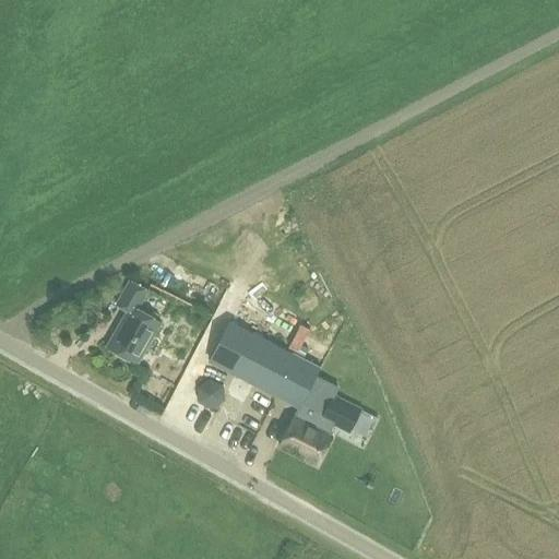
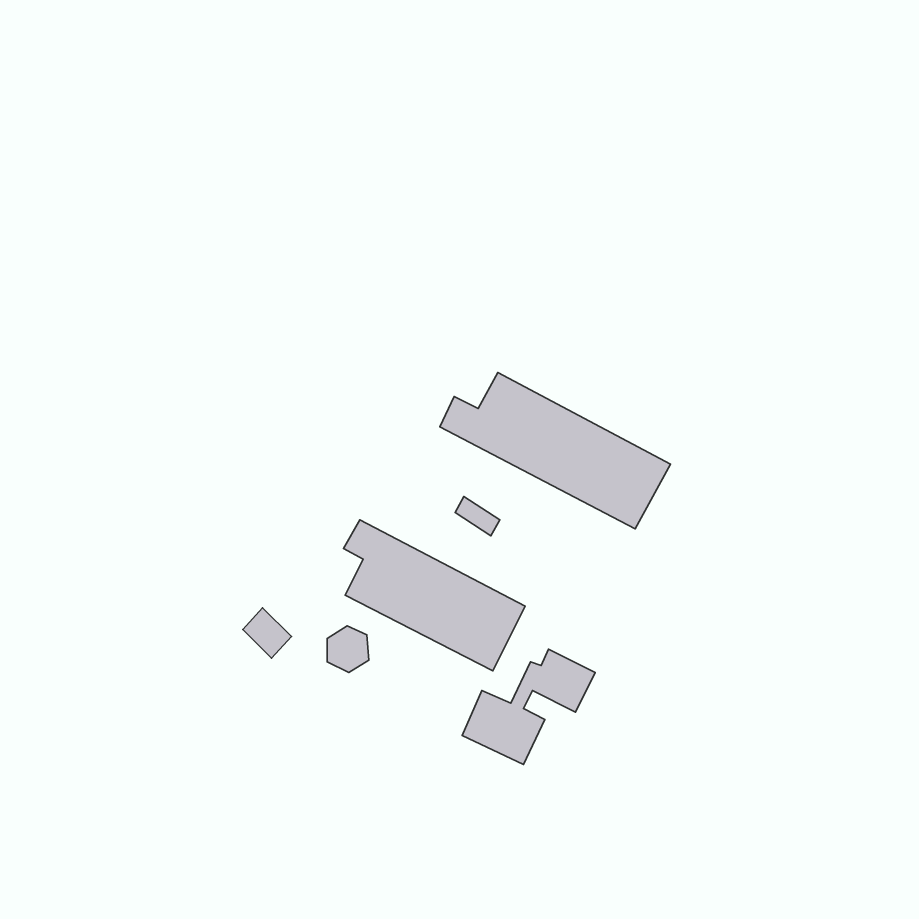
building: none -> [440,373,671,529]
building: [106,281,162,365] -> none

